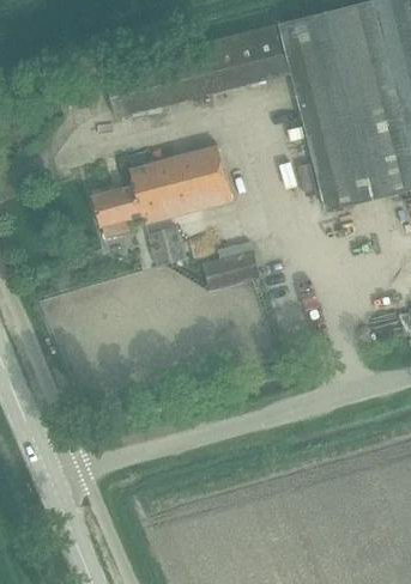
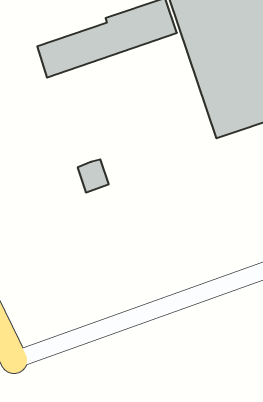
building: [91,146,231,229] -> none
building: [201,250,258,290] -> none

